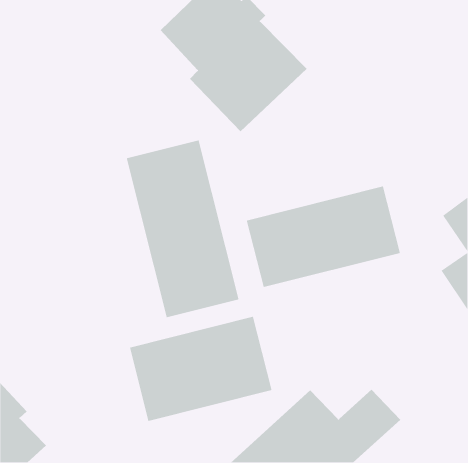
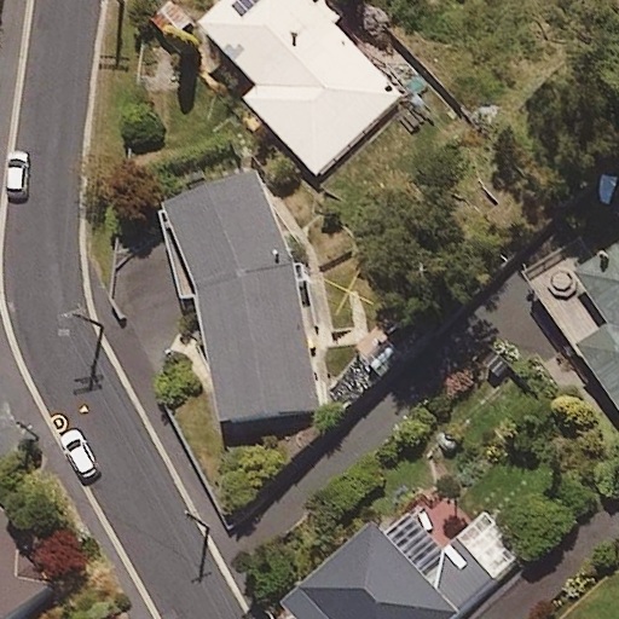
building: [246,185,401,288] -> none
building: [129,316,272,422] -> none

